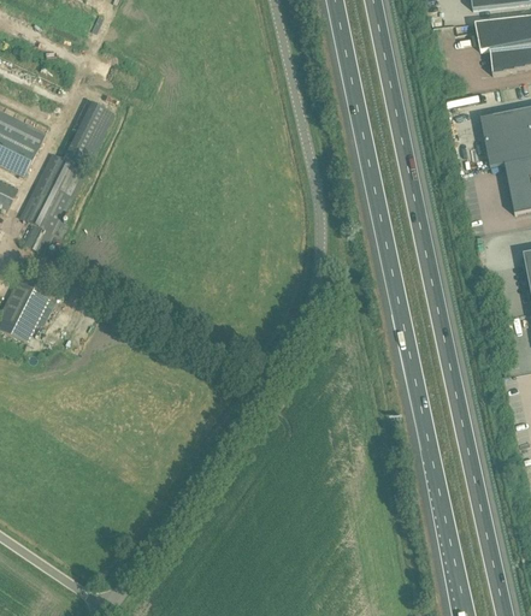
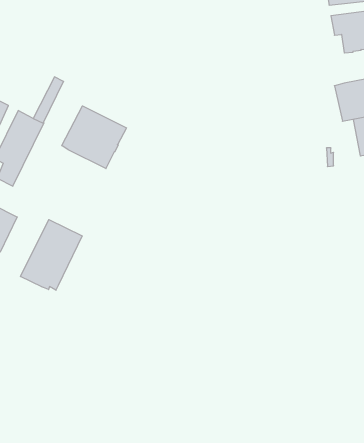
building: none -> [62,106,126,169]
building: none -> [21,220,82,290]

